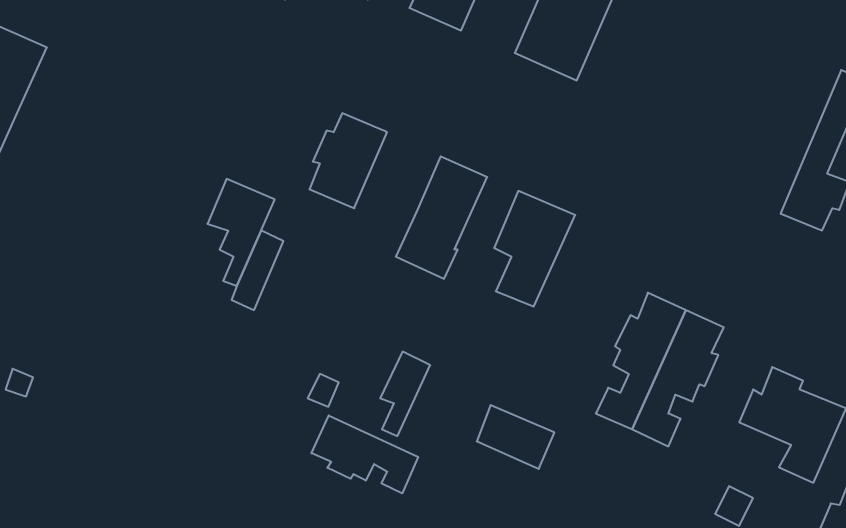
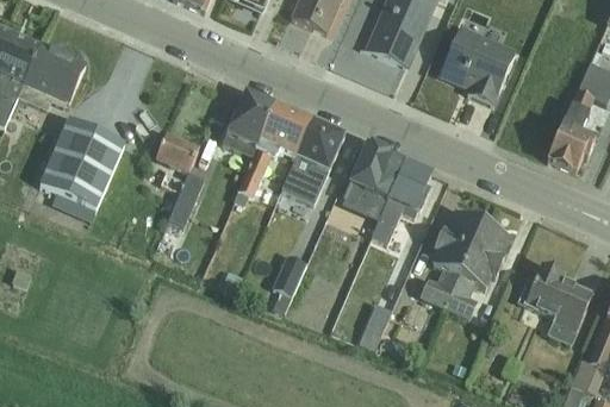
building: none -> [441,24,516,104]
building: none -> [17,44,85,109]
building: none -> [234,102,312,205]
building: none -> [39,118,124,220]
building: none -> [371,159,430,242]
building: [311,415,418,493] -> none

